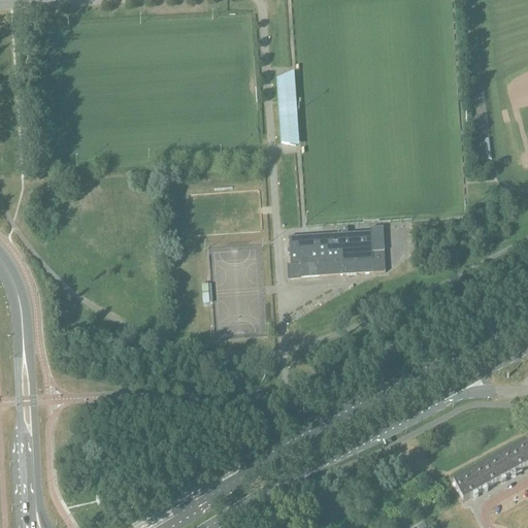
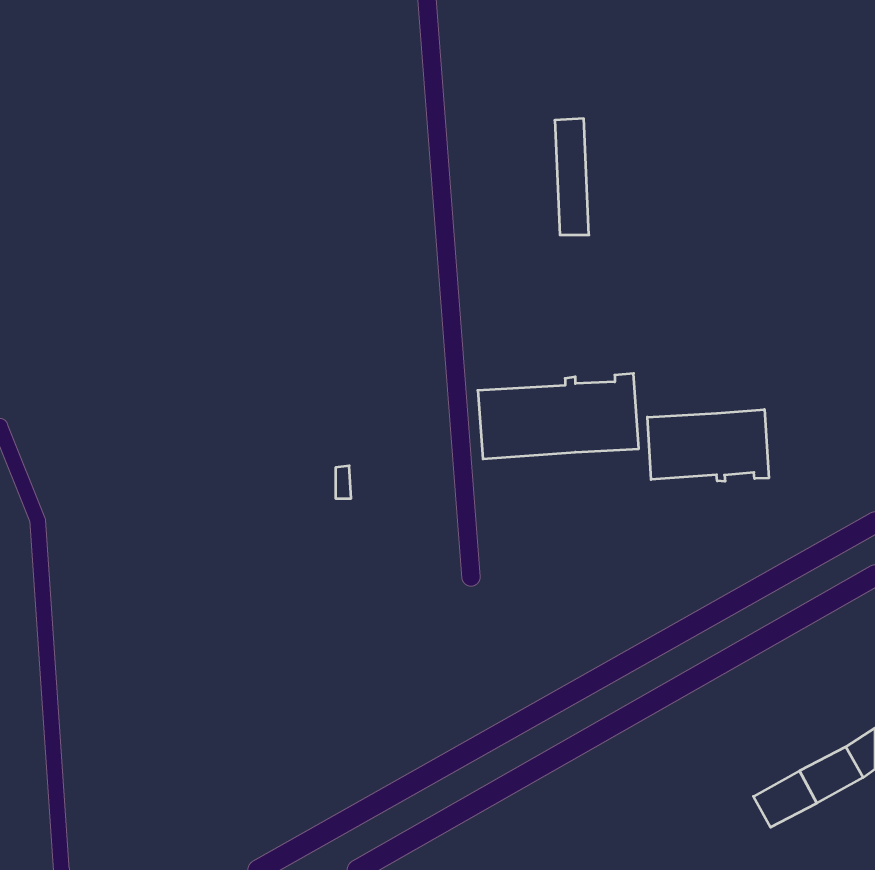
building: [277,71,298,141] -> [555,119,589,235]
building: none -> [647,409,769,481]

